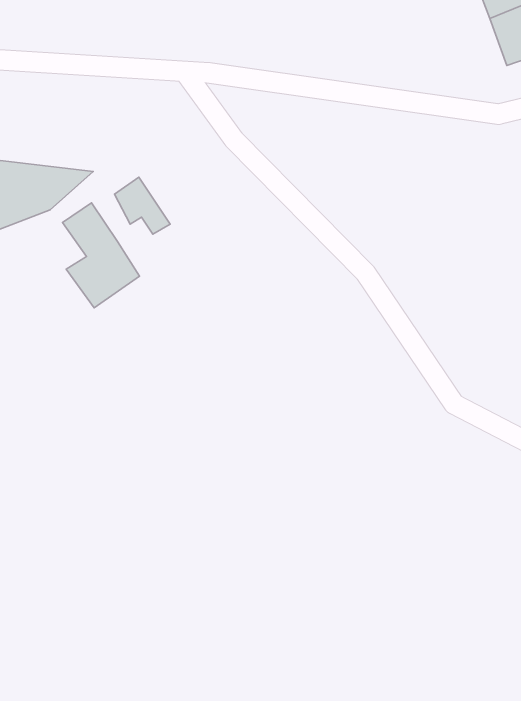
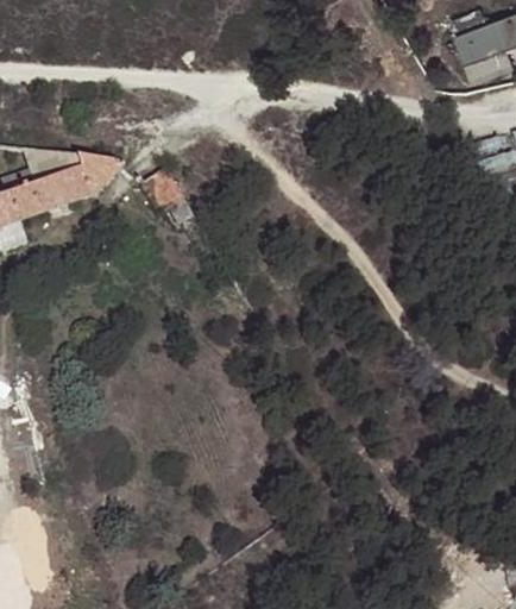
building: [62,203,140,308] -> none

